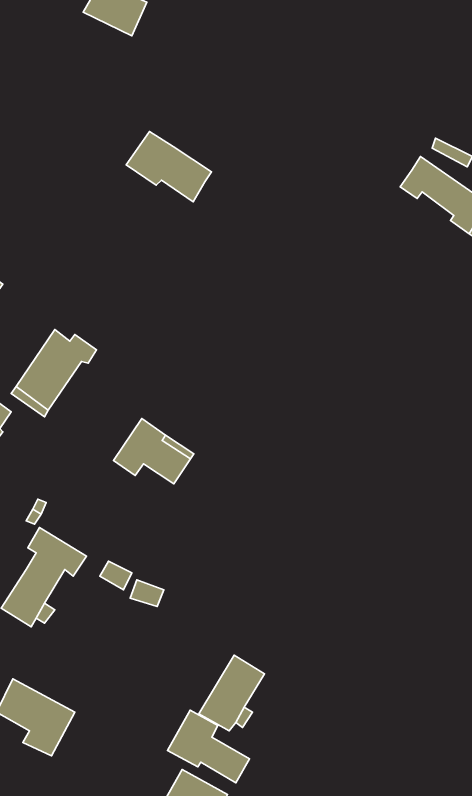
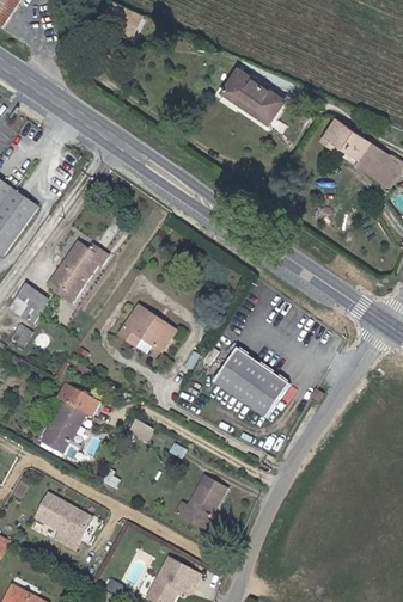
building: [126,131,212,202] -> [220,69,281,119]
building: none -> [215,351,287,418]
building: [168,710,250,783] -> none

